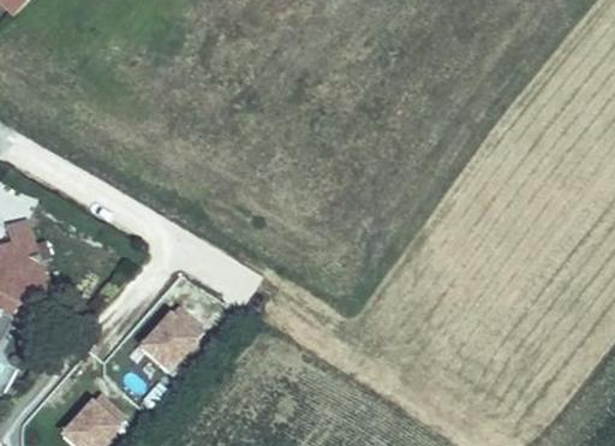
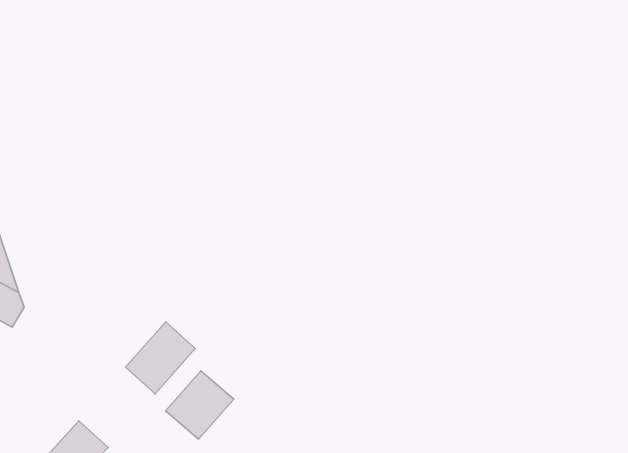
building: none -> [165,371,234,439]

